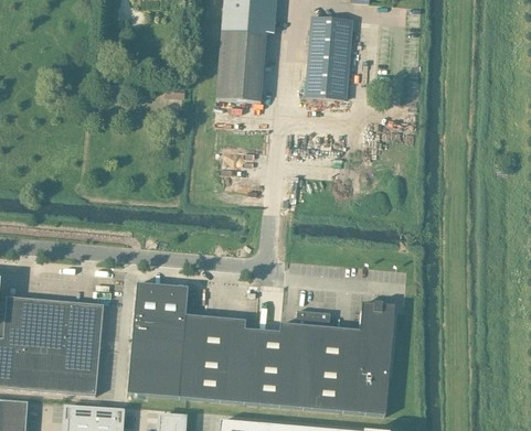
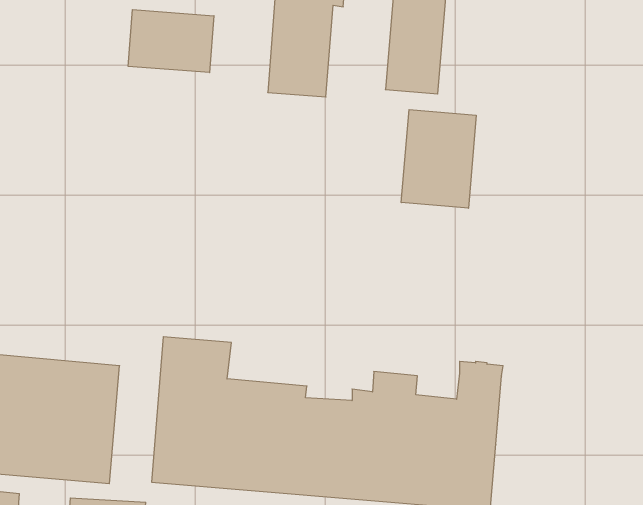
building: none -> [128,10,214,73]
building: none -> [401,110,476,208]

